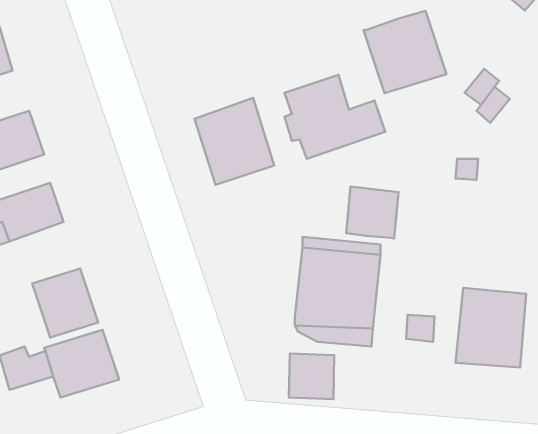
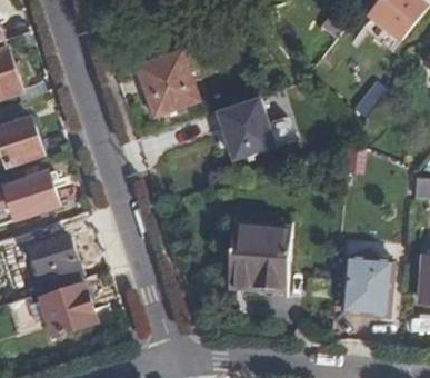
building: [363,11,447,93] -> none
building: [195,98,274,185] -> [137,51,196,116]
building: [346,187,399,239] -> none
building: [289,354,334,399] -> none

